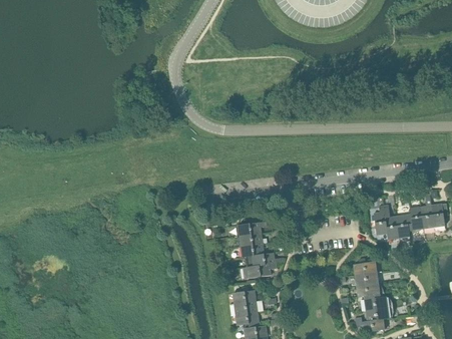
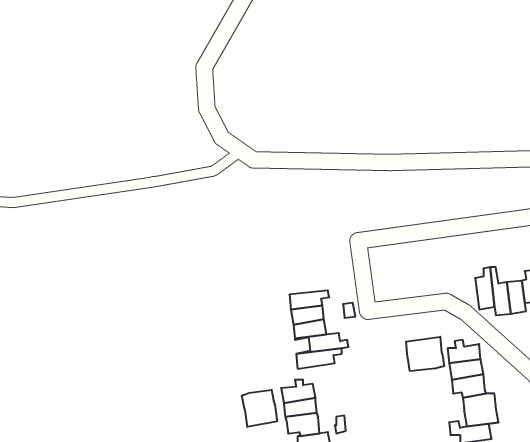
building: none -> [406,337,444,371]
building: none -> [242,390,277,427]

